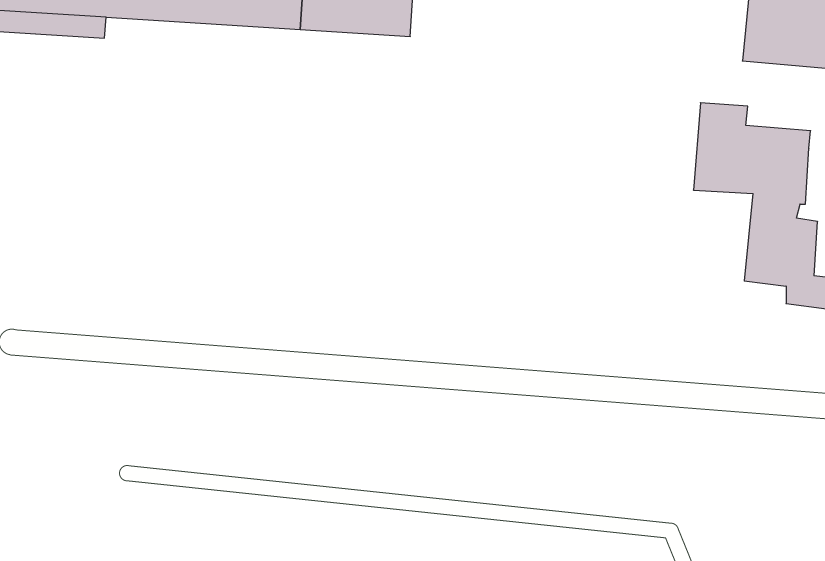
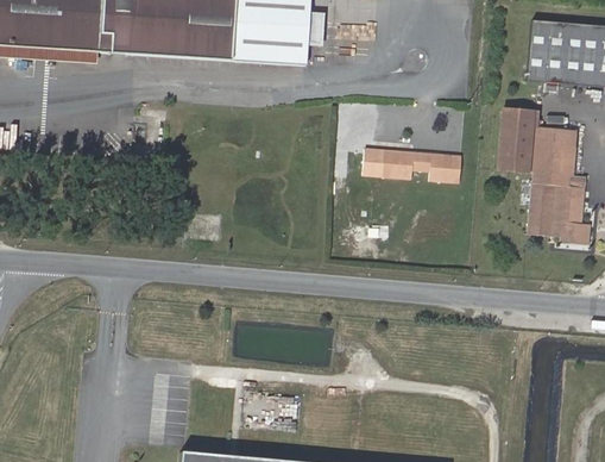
building: none -> [367,149,465,183]

